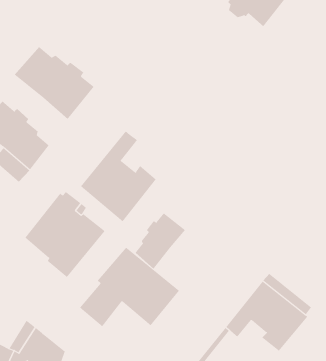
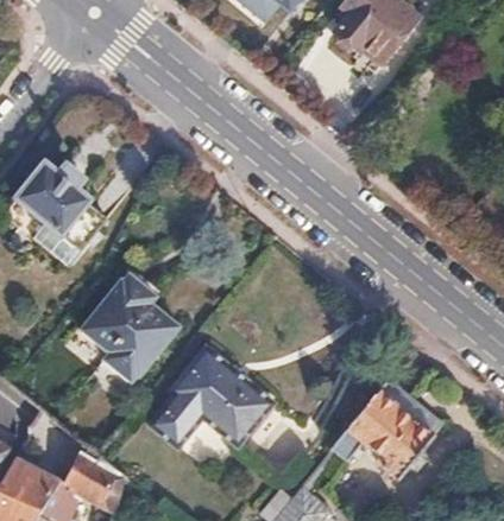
building: [14,46,94,120] -> none
building: [80,131,157,222] -> none
building: [135,212,186,269] -> none

